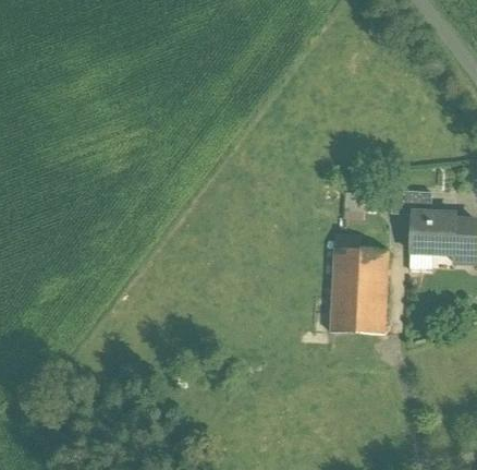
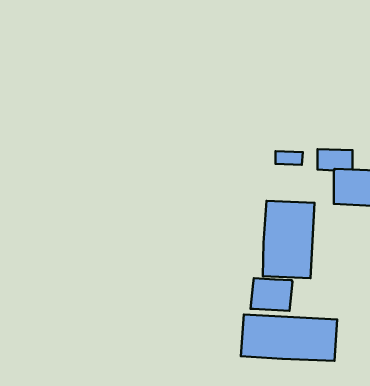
building: none -> [251,278,292,311]
building: none -> [241,315,337,361]

